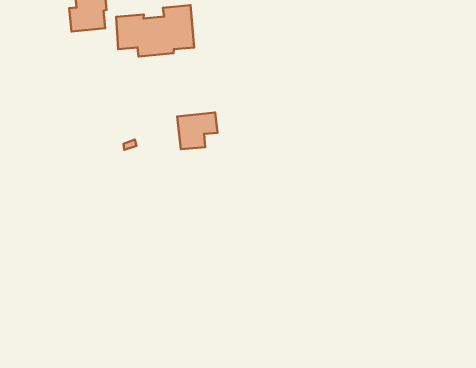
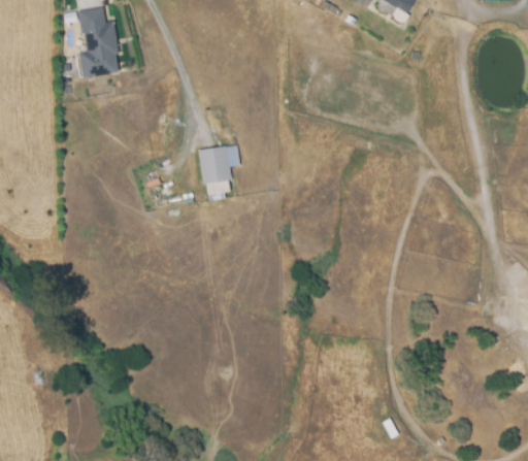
building: [116,5,194,56] -> none

